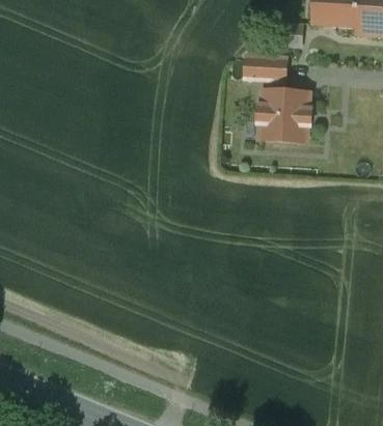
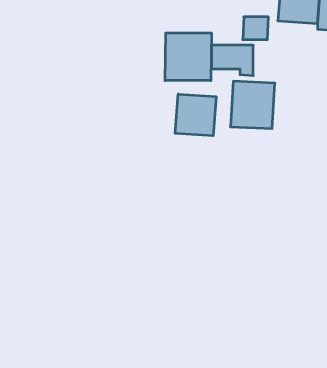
building: none -> [165,33,211,81]
building: none -> [175,94,216,136]

